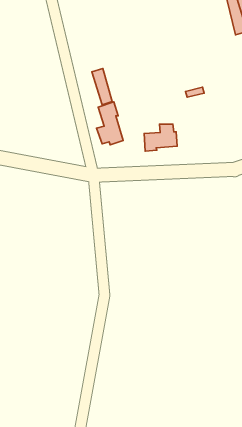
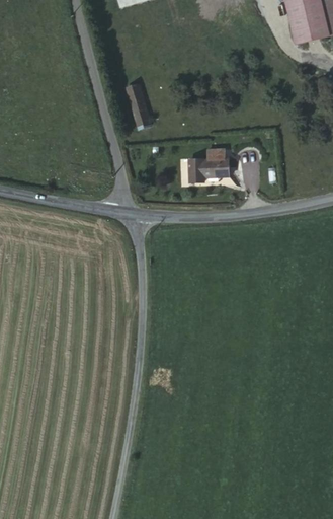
building: [96,102,123,145] -> none

